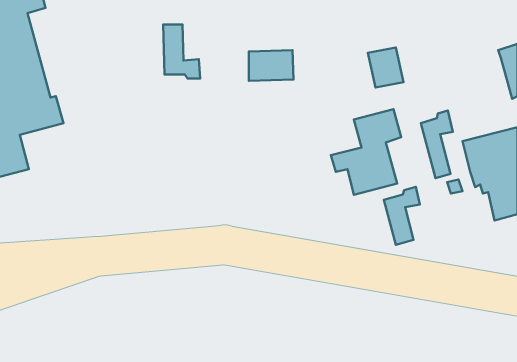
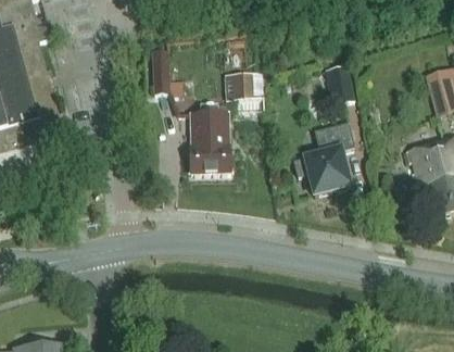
building: none -> [190,103,232,173]
building: [421,110,453,178] -> none
building: [384,187,420,245] -> none

